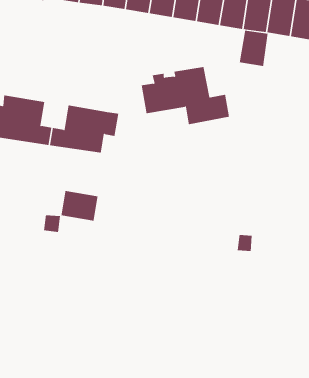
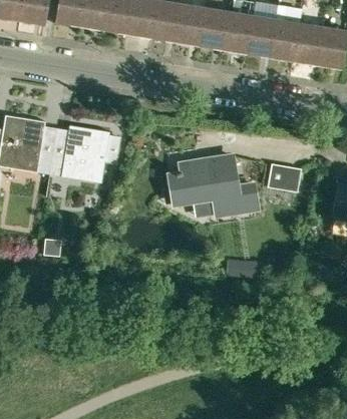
building: [239,30,268,67] -> none
building: [141,66,230,125] -> [168,155,259,215]
building: none -> [267,162,301,190]
building: [61,190,98,221] -> none

